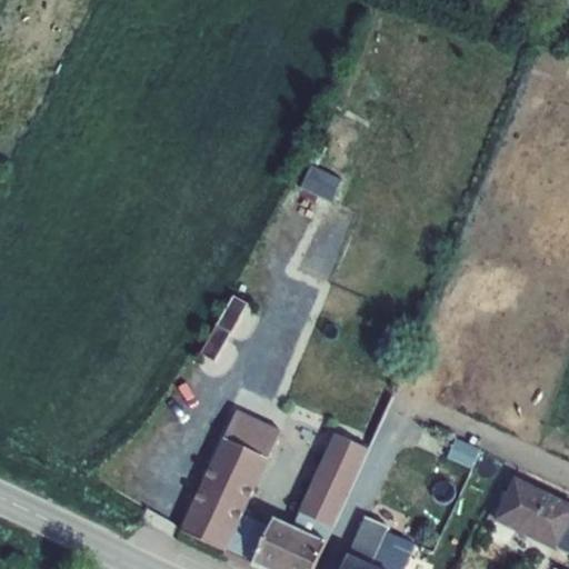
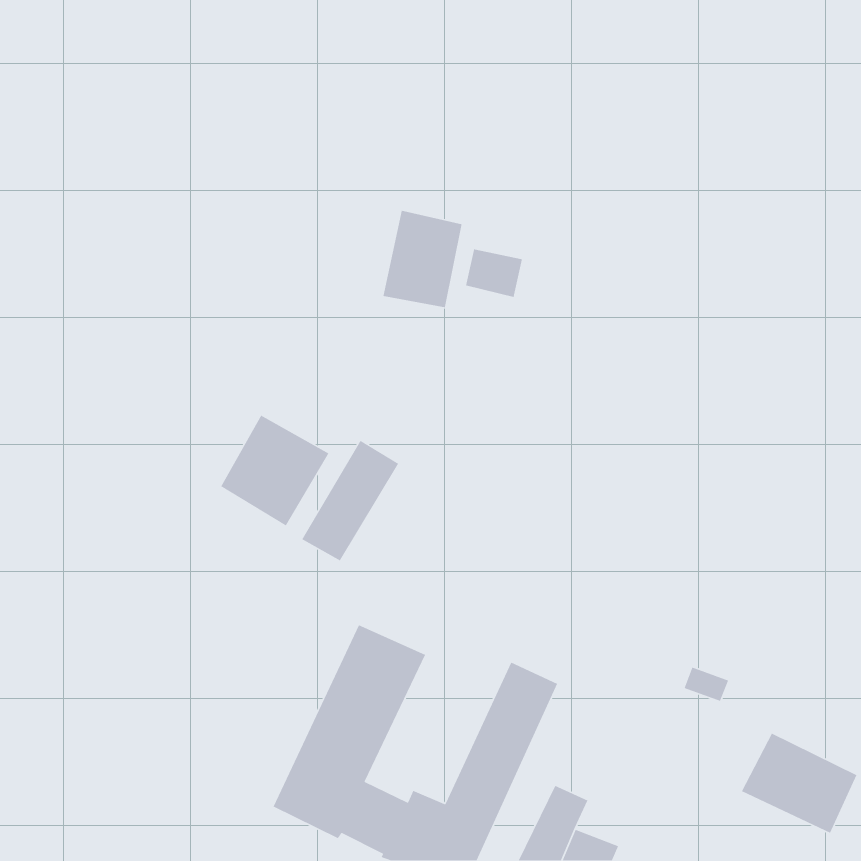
building: none -> [382,210,462,308]
building: none -> [220,415,330,527]

